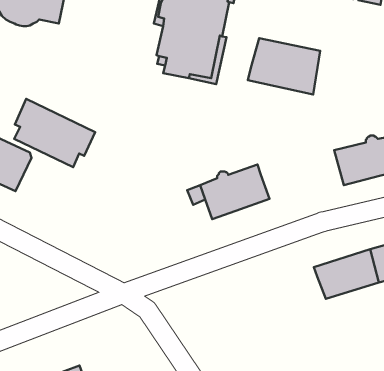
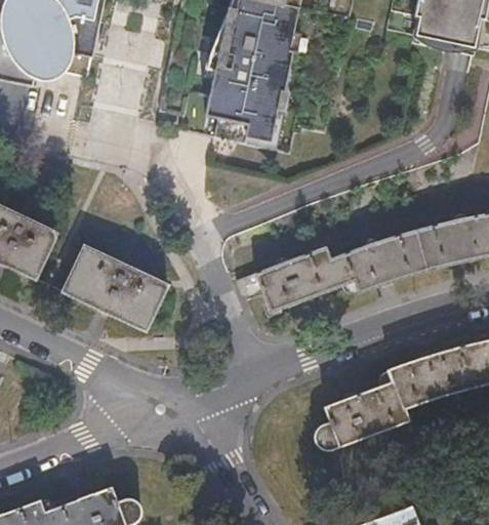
building: [248,38,320,94] -> none
building: [14,99,95,167] -> [69,245,166,327]
building: none -> [329,228,429,292]
building: none -> [317,379,412,448]

